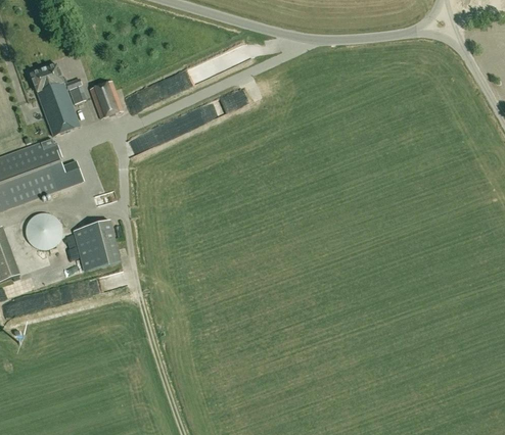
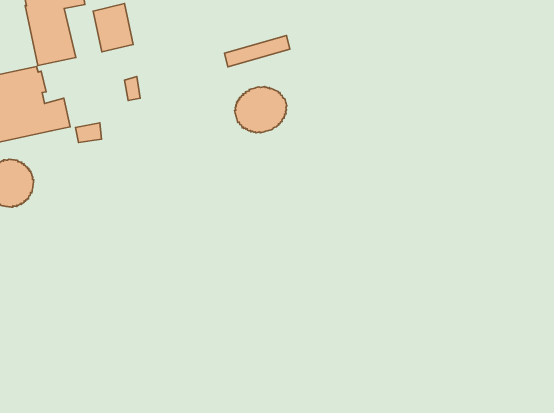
building: none -> [234,86,287,133]
building: [73,220,121,271] -> none

